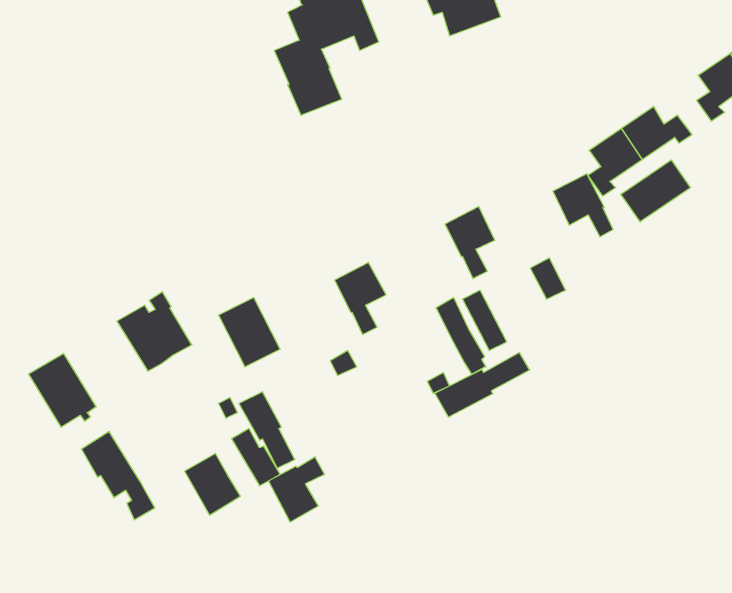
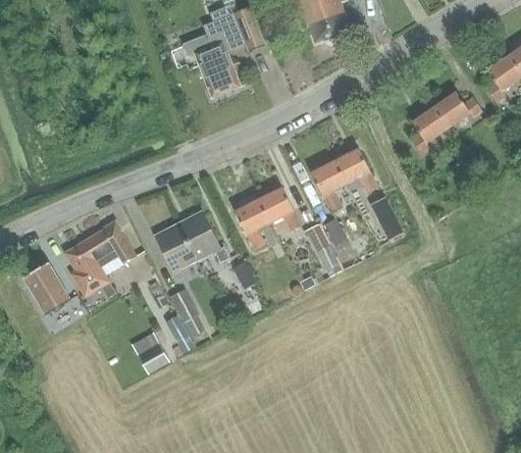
building: [621,160,691,222] -> none
building: [553,174,613,237] -> [334,148,376,192]
building: none -> [258,187,301,231]
building: none -> [178,211,229,262]
building: [435,352,530,417] -> none
building: [81,431,155,520] -> [64,240,115,301]
building: [269,457,325,522] -> none

